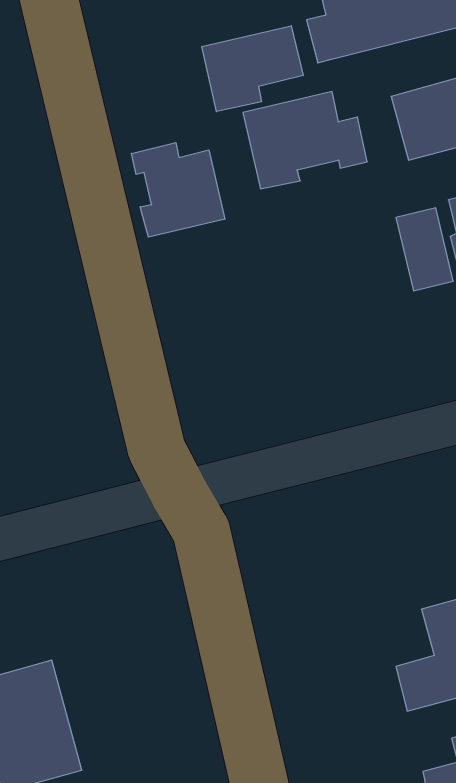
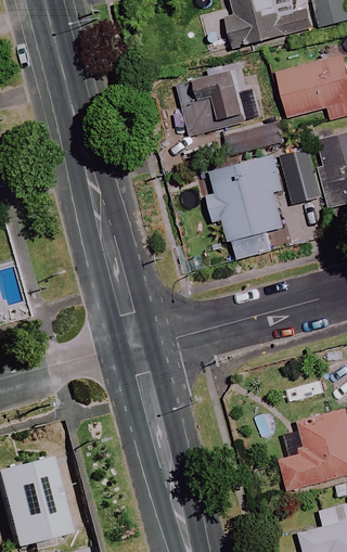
building: [202,26,303,112] -> none
building: [131,143,225,237] -> none
building: none -> [206,155,290,261]

